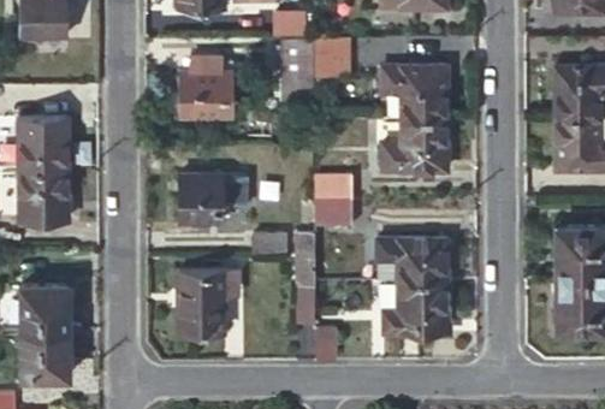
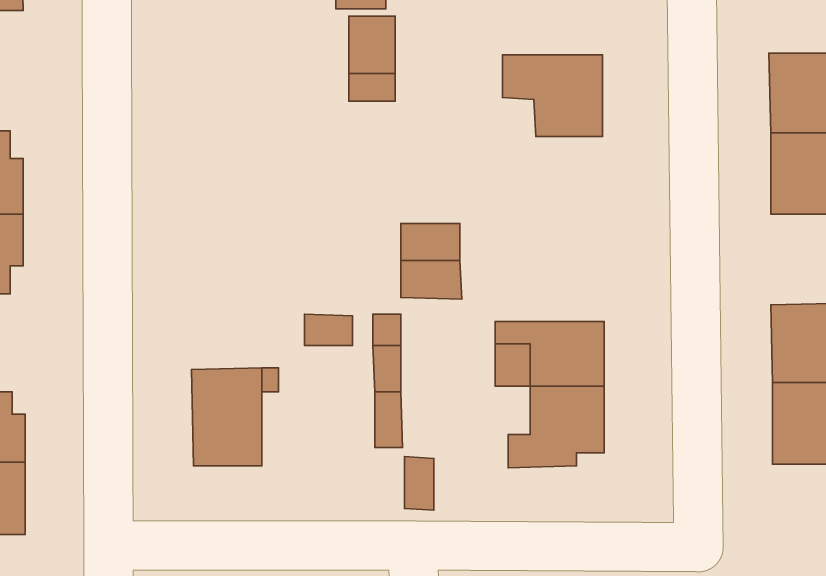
building: [313,37,344,81] -> none
building: [178,57,235,113] -> none
building: [380,118,445,174] -> none
building: [179,174,226,221] -> none

